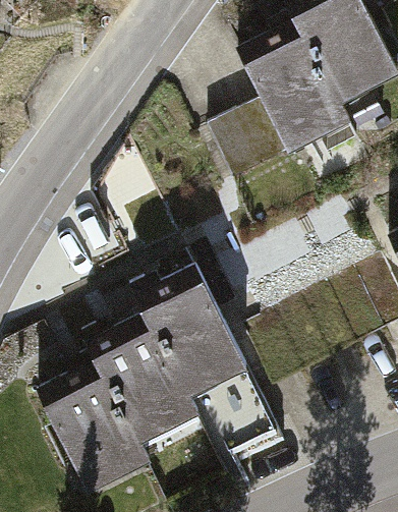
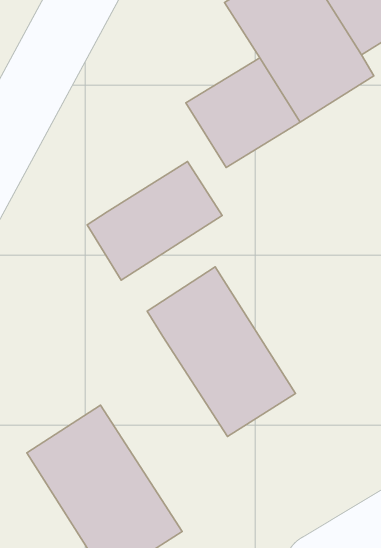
building: none -> [87,161,222,280]
building: [93,306,210,445] -> none

